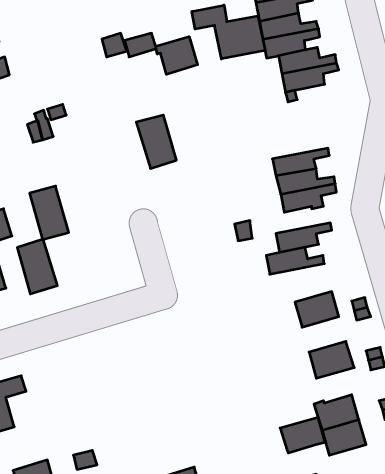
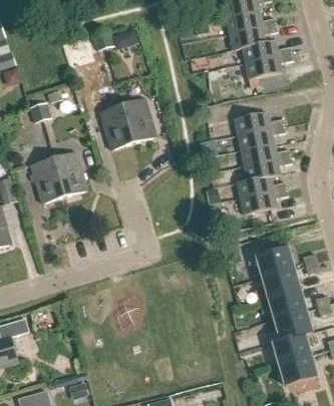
building: [192,5,265,59] -> none
building: [156,37,198,74] -> none
building: none -> [99,104,133,150]
building: none -> [234,112,284,135]
building: [17,239,57,294] -> [53,151,87,197]
building: [266,247,324,274] -> [237,175,286,198]
building: none -> [262,269,299,299]
building: [280,417,325,453] -> [274,312,312,342]

